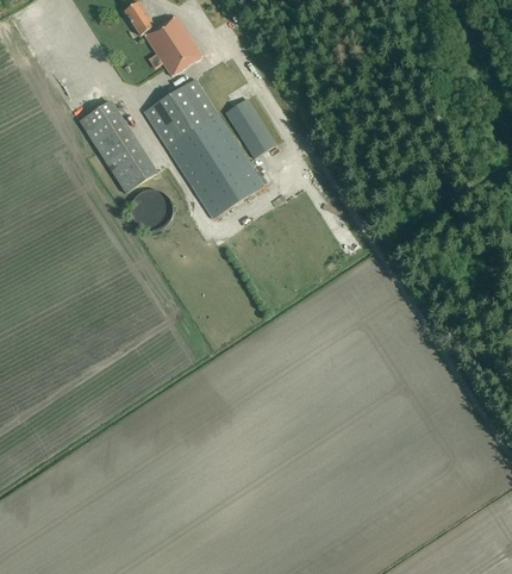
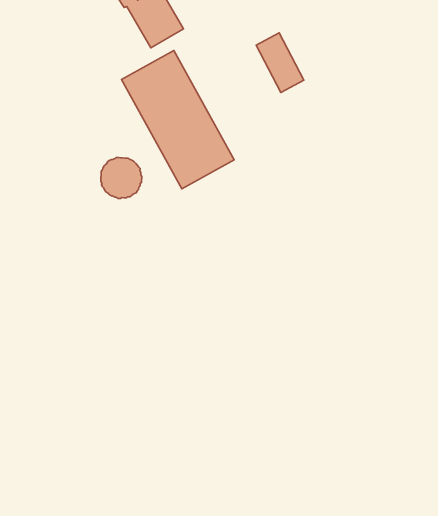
building: [225,98,276,158] -> [256,33,304,92]
building: [79,102,155,193] -> none

